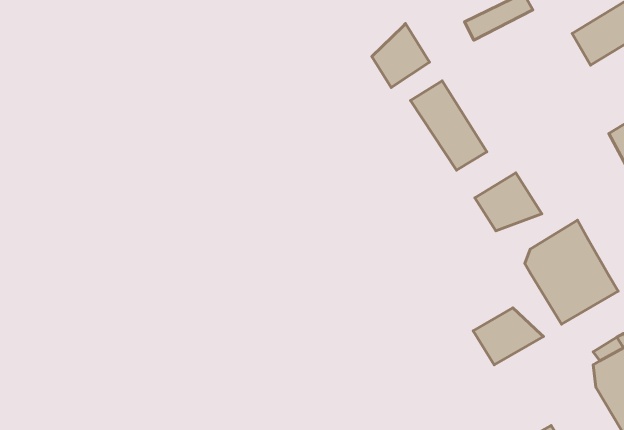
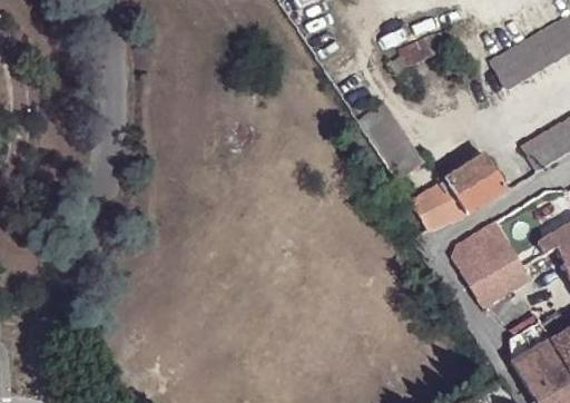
building: [372,23,430,88] -> none
building: none -> [444,154,507,214]
building: [473,308,543,365] -> none

